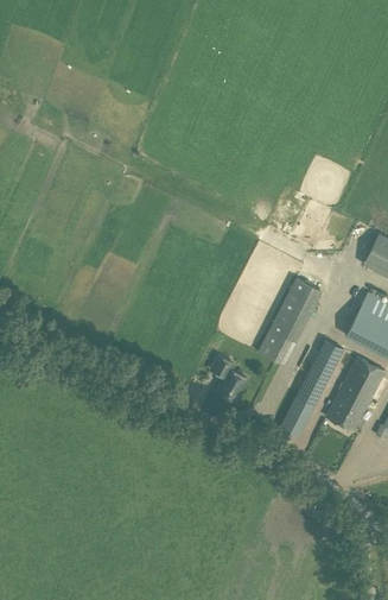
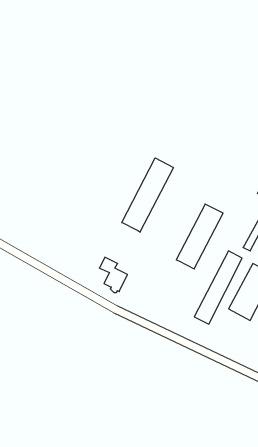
building: none -> [122,158,173,232]
building: [211,356,248,403] -> [99,257,127,292]

